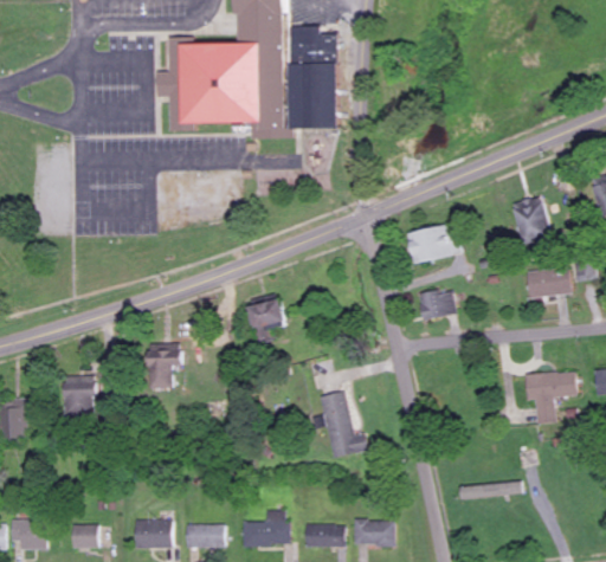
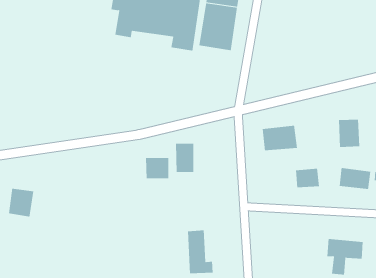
building: none -> [175,143,194,173]
building: [417,288,456,321] -> [295,168,320,188]
building: [146,343,181,388] -> none

